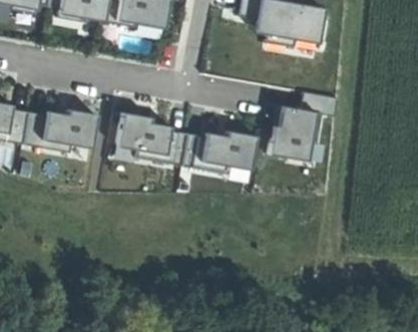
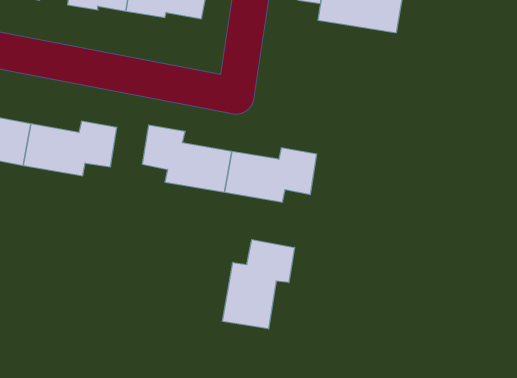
building: [267,90,337,159] -> none
building: none -> [223,240,295,329]

